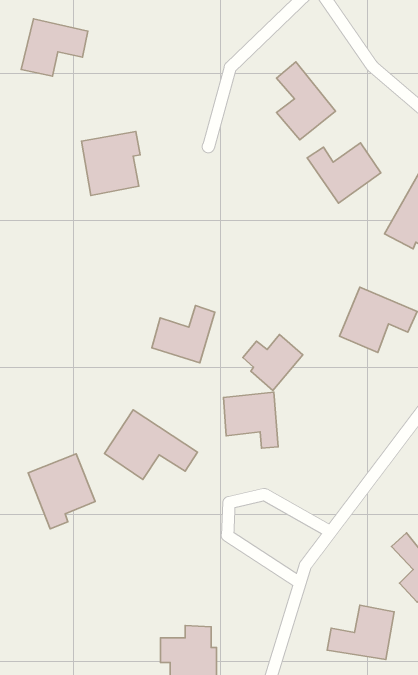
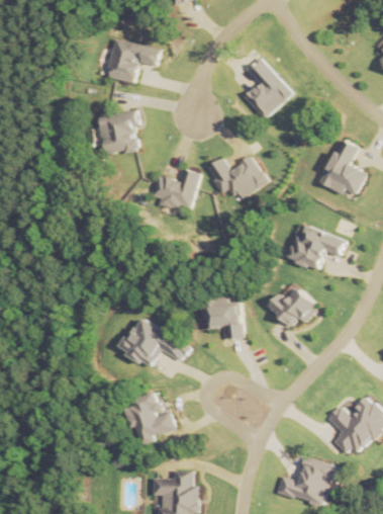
building: [21,19,88,76] -> [110,37,160,80]
building: [307,143,381,203] -> [212,157,267,201]
building: [152,305,215,363] -> [153,167,199,209]
building: [243,334,303,390] -> [269,291,313,333]
building: [28,454,95,529] -> [125,397,175,452]

